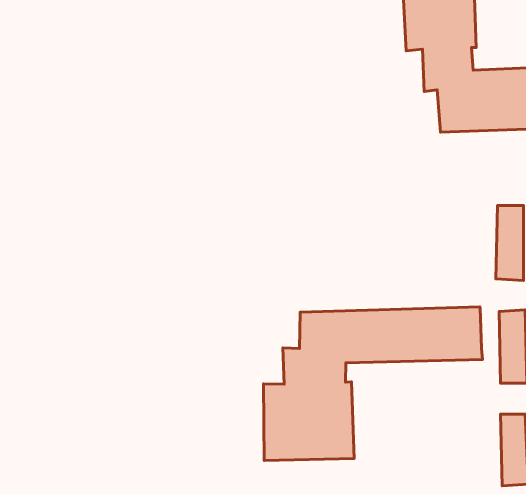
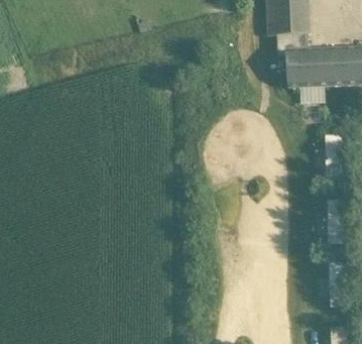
building: [264,307,483,460] -> none

